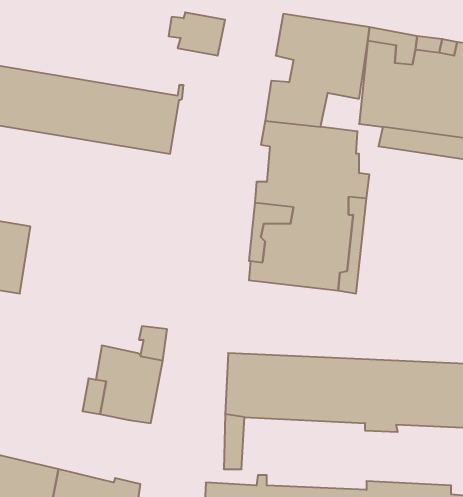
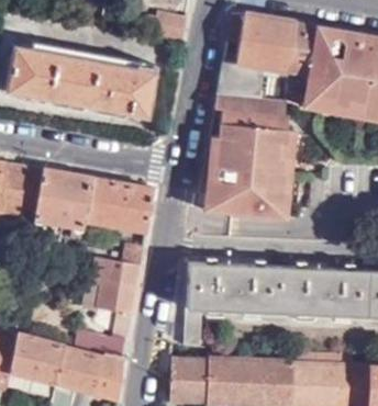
building: none -> [33,169,154,238]
building: none -> [92,312,132,359]

